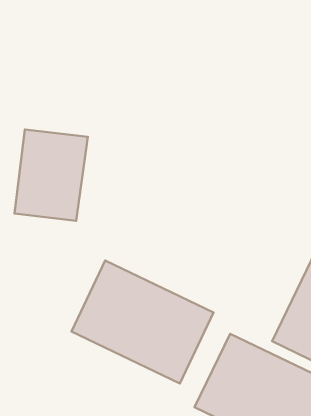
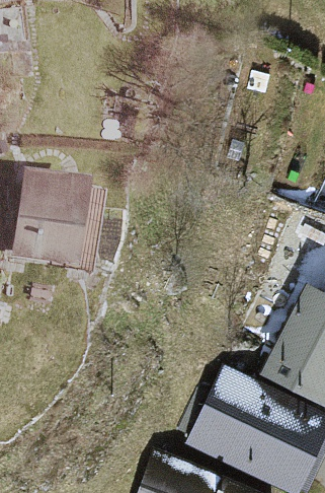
building: [71,261,213,384] -> none

